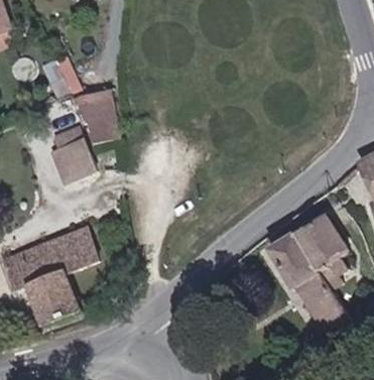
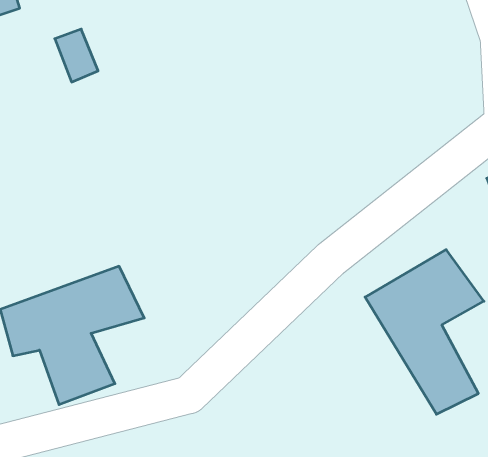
building: [79,89,119,141] -> none
building: [50,124,104,183] -> none

